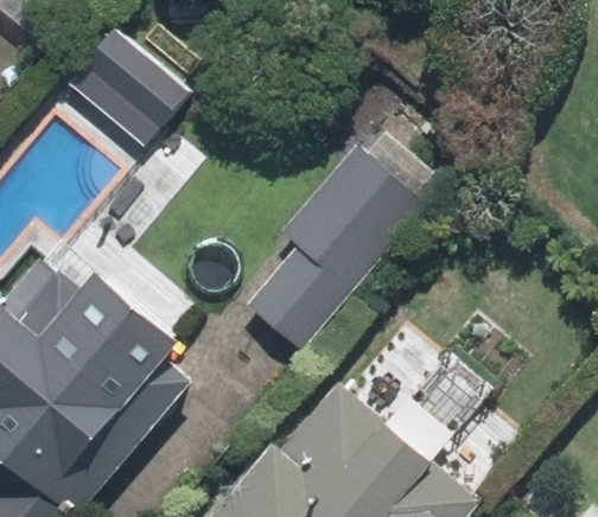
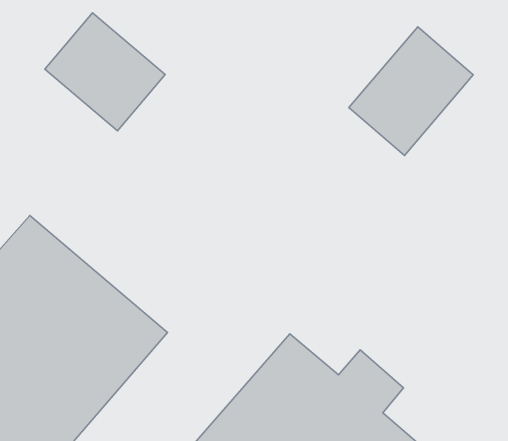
building: none -> [349,27,473,155]
building: [247,121,452,356] -> none

